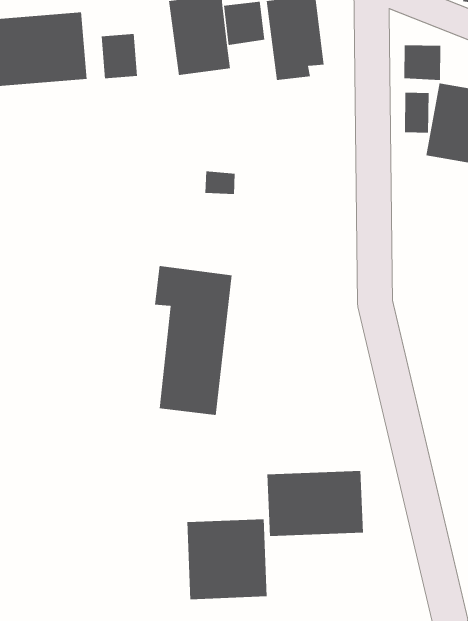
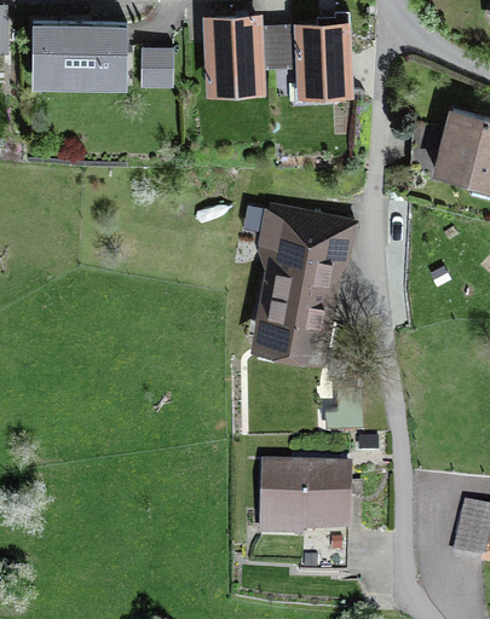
building: [404,45,441,81] -> none
building: [154,265,232,416] -> [261,203,340,347]
building: [187,518,267,600] -> none

